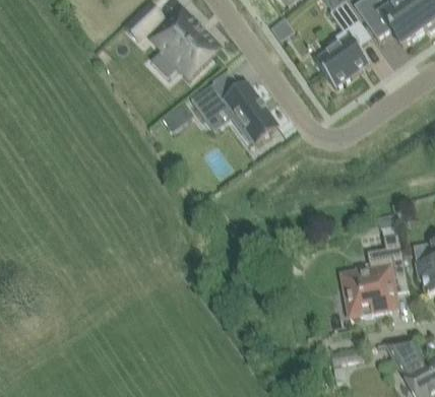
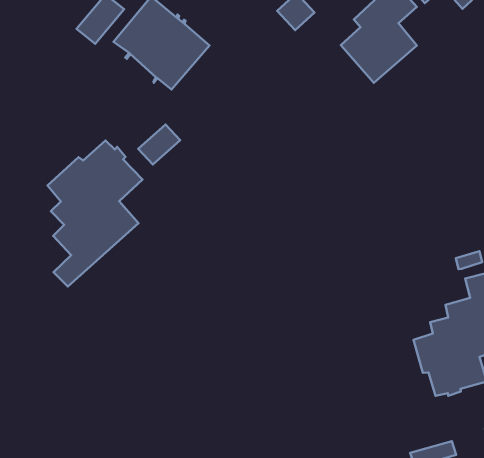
building: [189,83,278,145] -> none
building: none -> [48,140,142,287]

